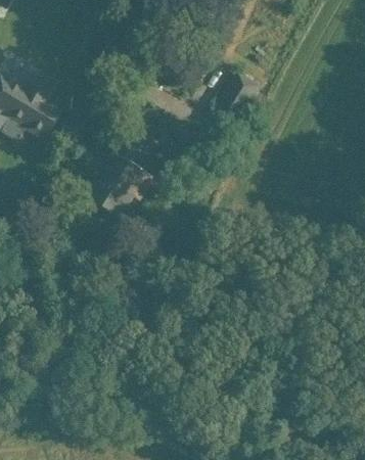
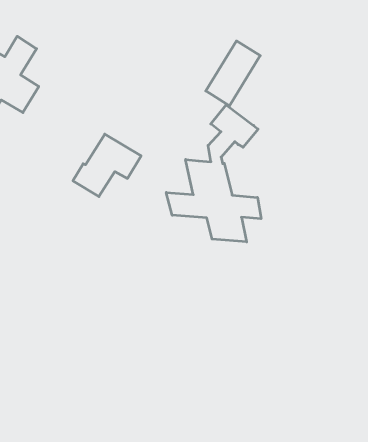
building: none -> [166,105,261,242]

